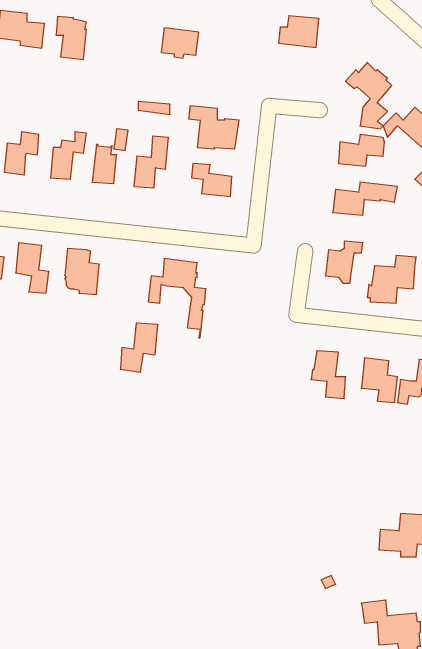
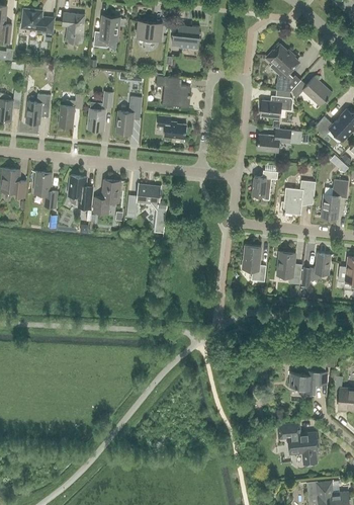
building: [279,16,319,47] -> [171,24,199,47]
building: none -> [93,16,118,47]
building: [120,323,158,372] -> [93,179,119,214]

